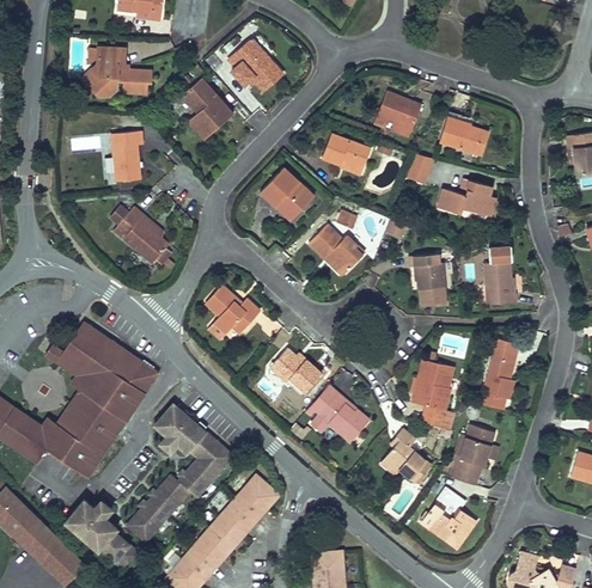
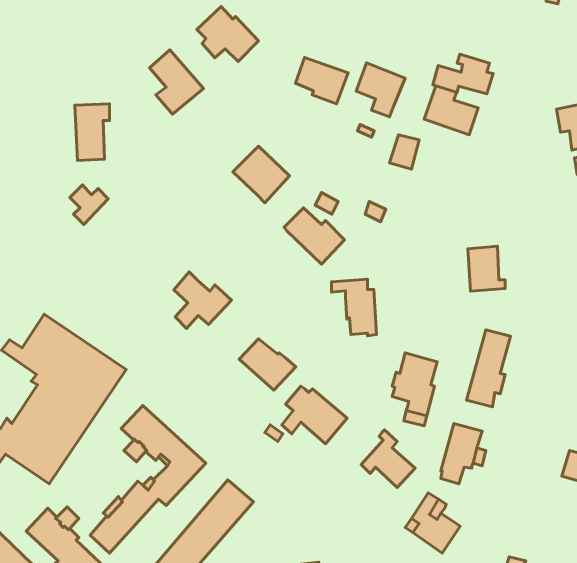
building: [83,44,153,96] -> none
building: [323,133,372,176] -> [296,58,348,104]
building: [438,176,494,213] -> [433,54,493,94]
building: [122,215,169,265] -> none
building: [402,250,444,302] -> [331,279,376,336]

